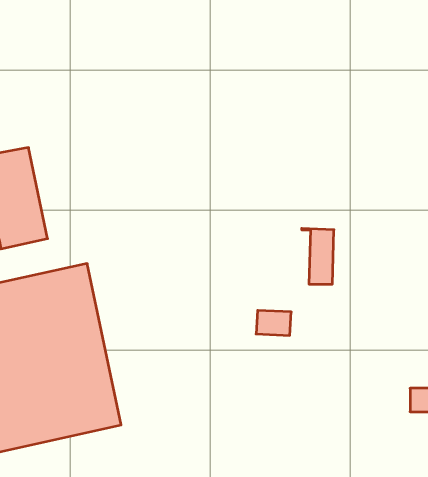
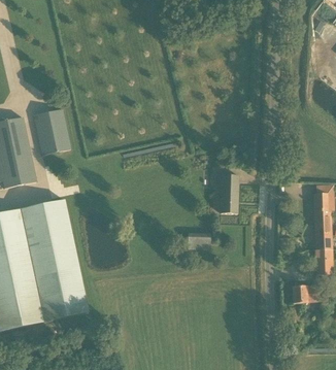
building: none -> [33,108,71,154]

